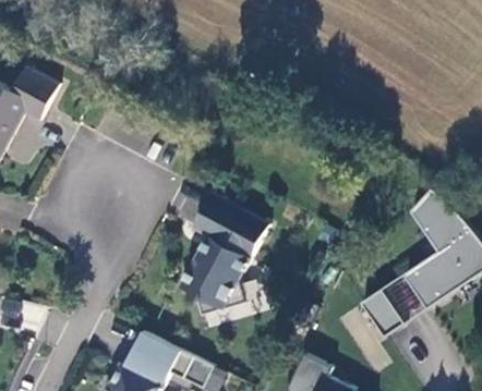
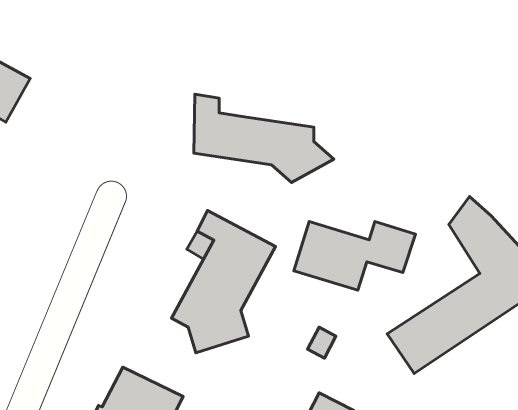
building: none -> [194,94,334,183]
building: none -> [294,222,416,290]

